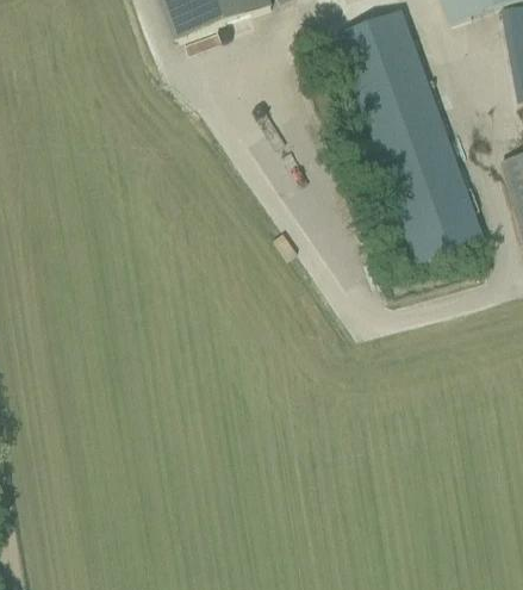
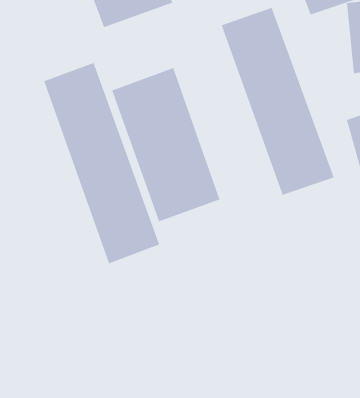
building: none -> [44,62,160,264]
building: none -> [111,67,220,222]

